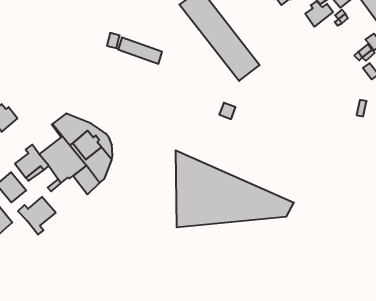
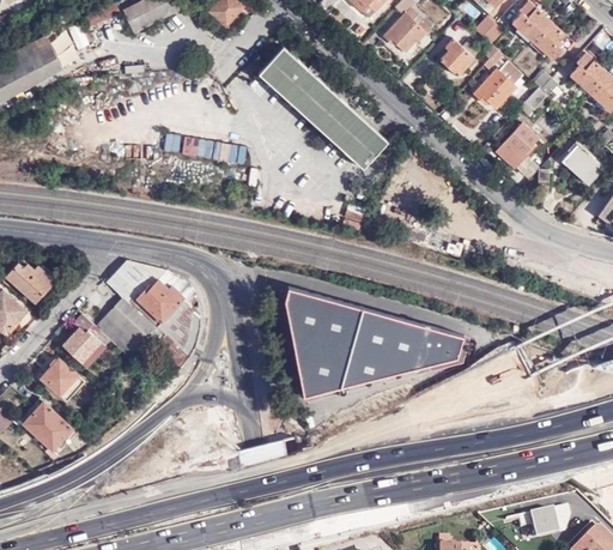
building: none -> [474,61,521,108]
building: none -> [493,122,536,169]
building: [18,197,56,235] -> none

